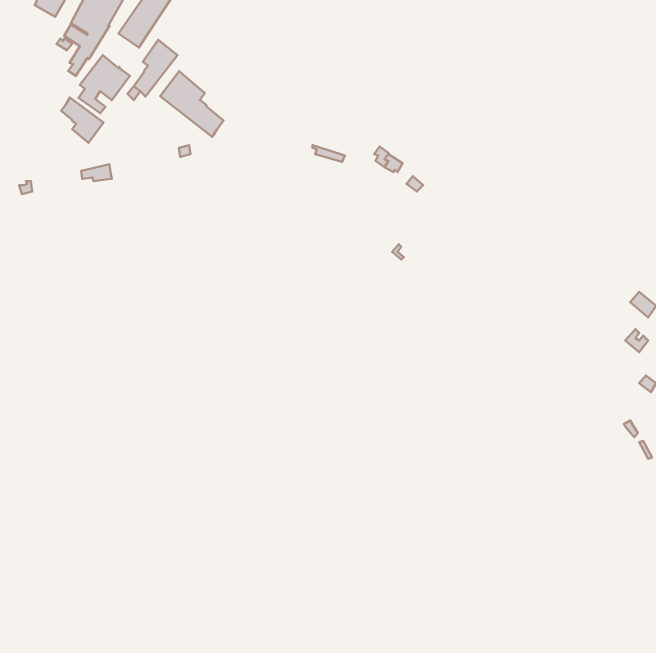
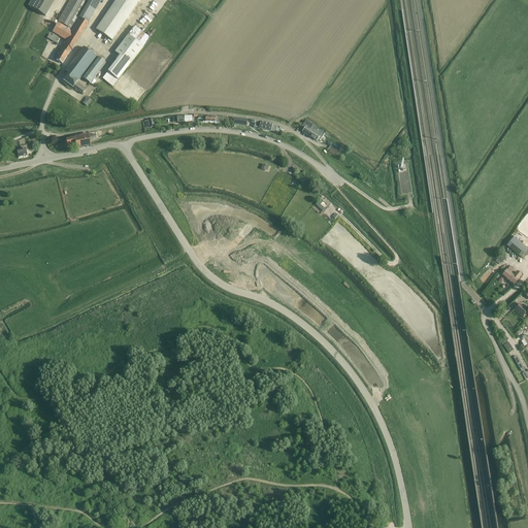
building: [160,71,223,137] -> none
building: [61,98,104,143] -> none

